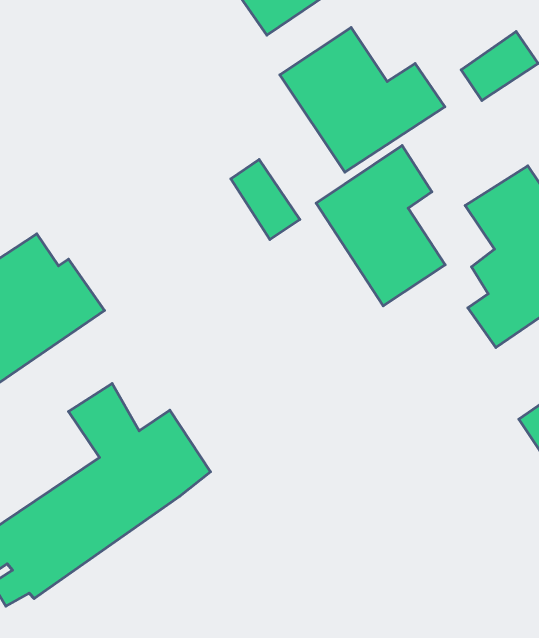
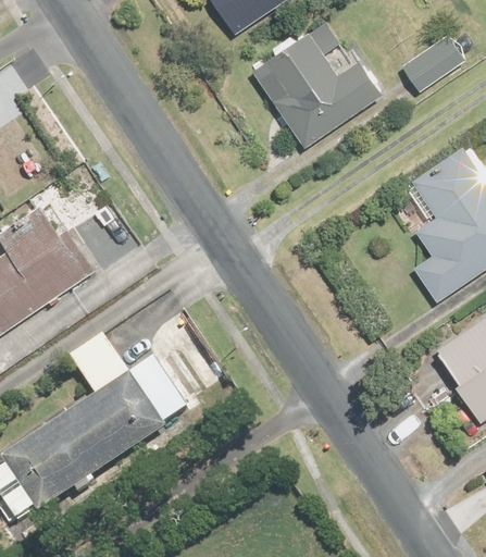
building: [316,146,445,306] -> none
building: [231,160,300,239] -> none

